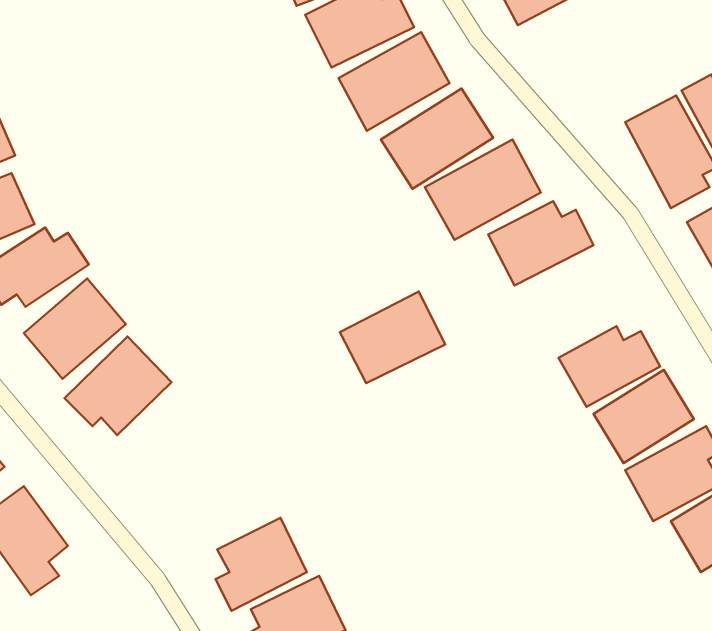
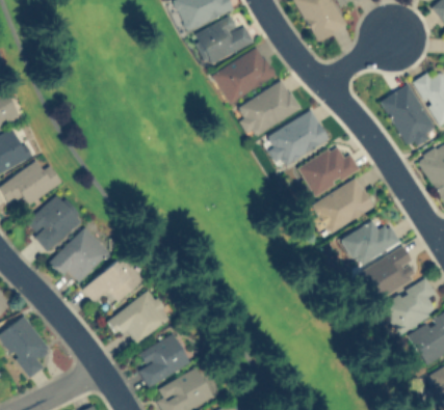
building: [340,292,445,383] -> [312,180,374,234]
building: none -> [82,256,143,305]
building: none -> [106,289,173,345]

